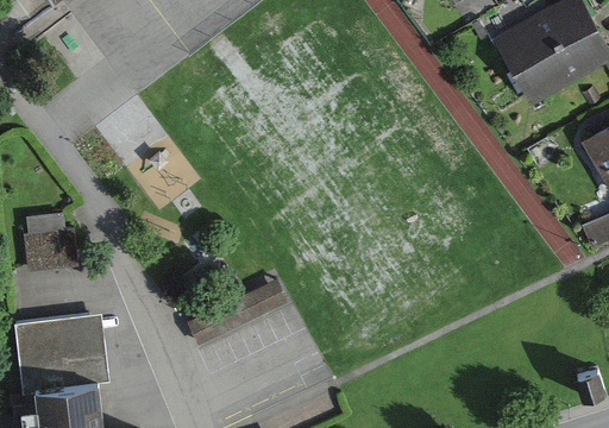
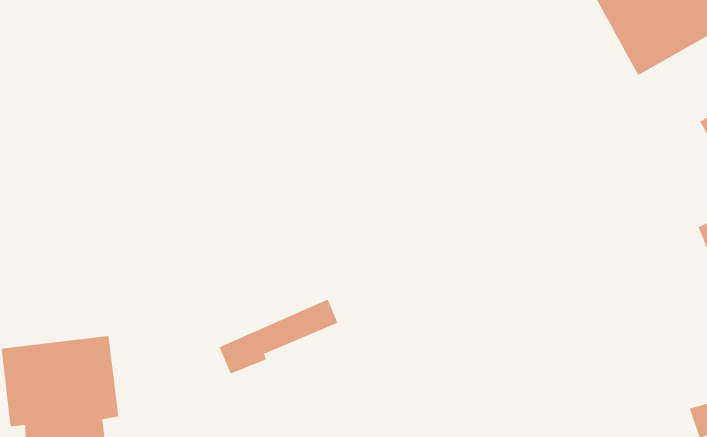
building: [24,213,77,272] -> none

